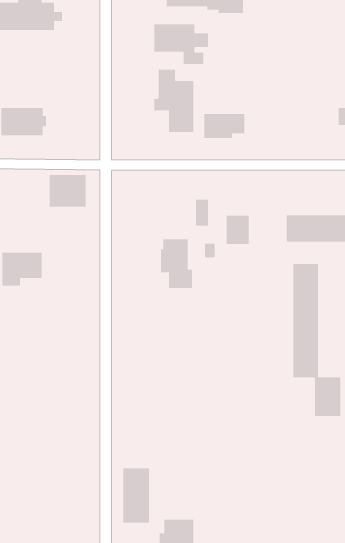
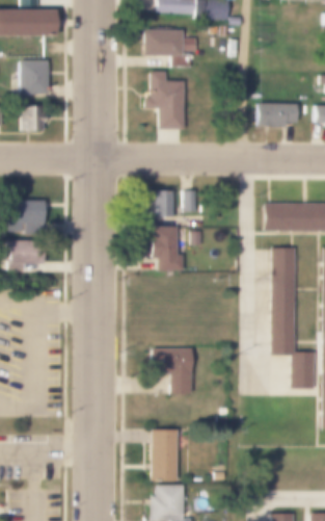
building: none -> [20,60,47,95]
building: [203,114,245,138] -> [259,103,297,126]
building: [49,174,86,207] -> [9,201,44,231]
building: [226,215,250,245] -> [152,189,173,216]
building: none -> [151,348,192,393]
building: [123,468,150,523] -> [151,429,175,480]

